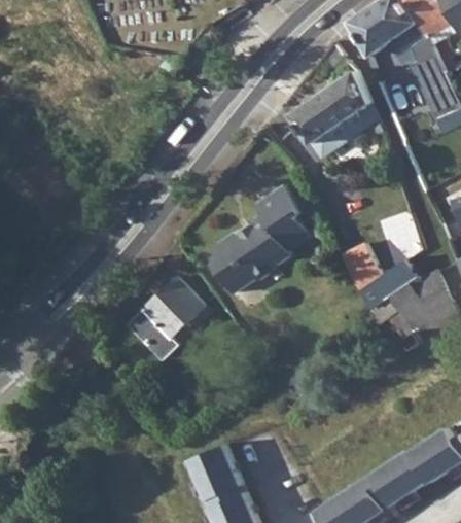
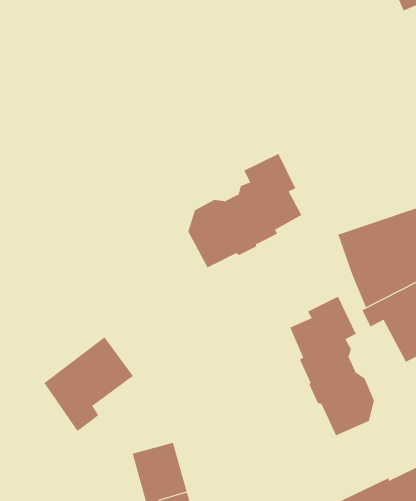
building: [291,70,377,159] -> none
building: [129,277,204,360] -> [44,336,134,432]
building: none -> [290,296,374,436]

